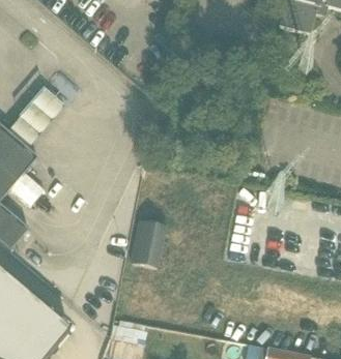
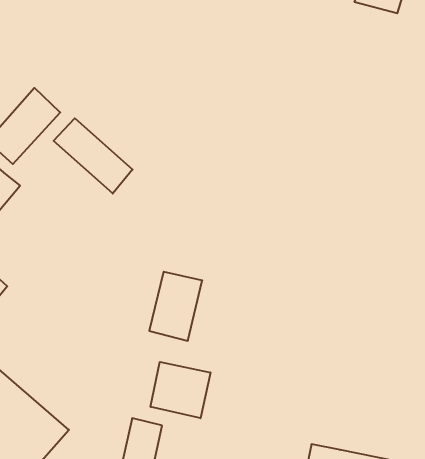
building: none -> [54,118,133,194]
building: none -> [151,362,210,418]

